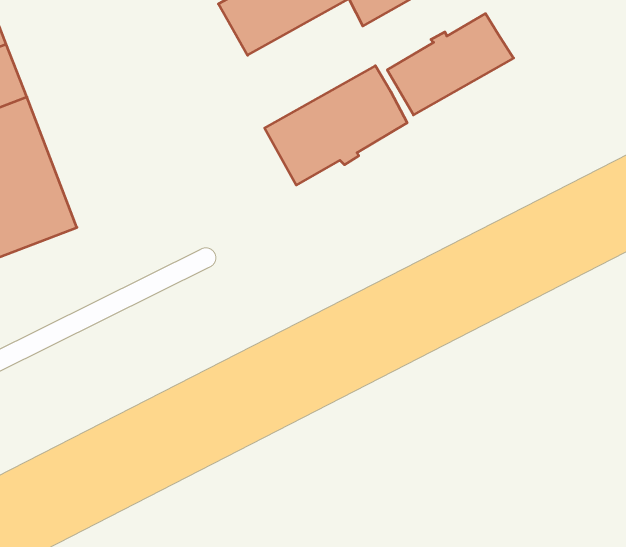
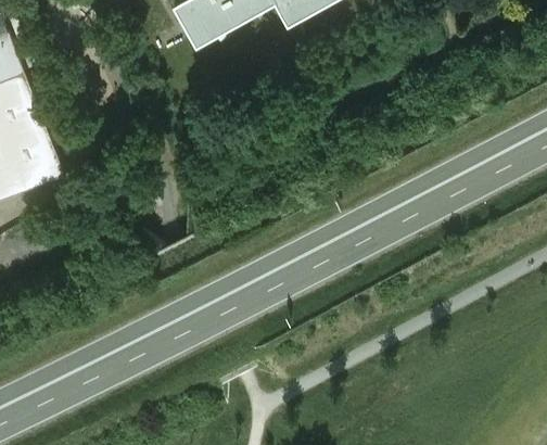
building: [387,14,514,115] -> none
building: [265,66,407,185] -> none

